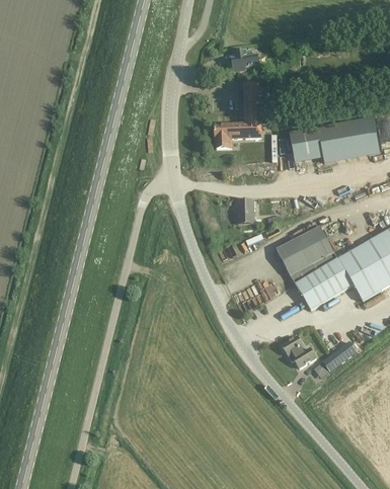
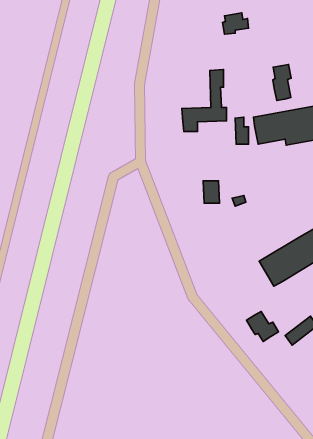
building: [232,48,259,70] -> [223,13,249,34]
building: none -> [273,64,291,101]
building: [277,225,338,282] -> none

